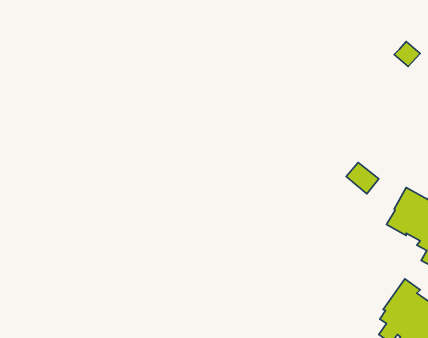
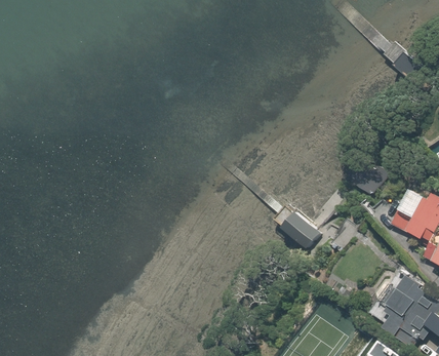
building: none -> [283,207,323,245]

